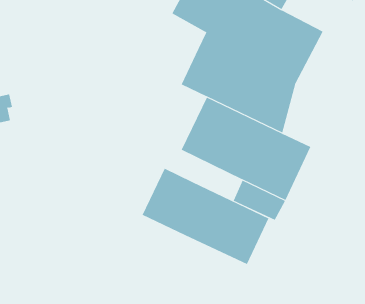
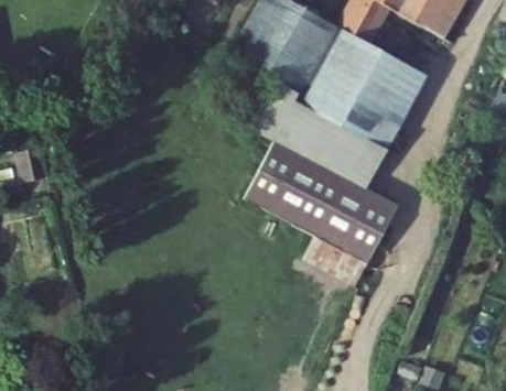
building: [142,168,269,265] -> none

